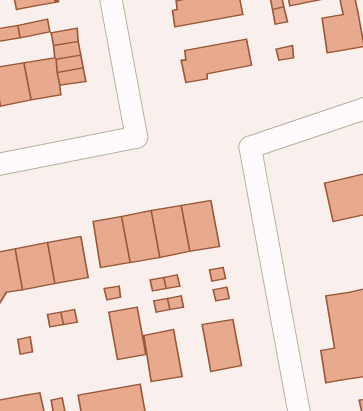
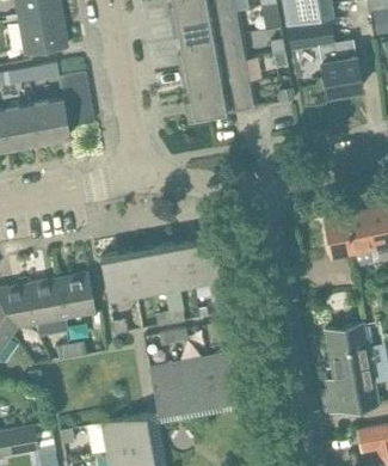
building: none -> [180,60,250,94]
building: [109,307,146,359] -> [179,358,215,409]

